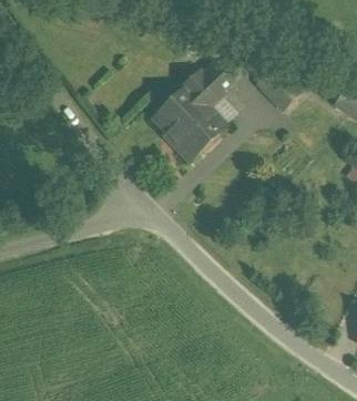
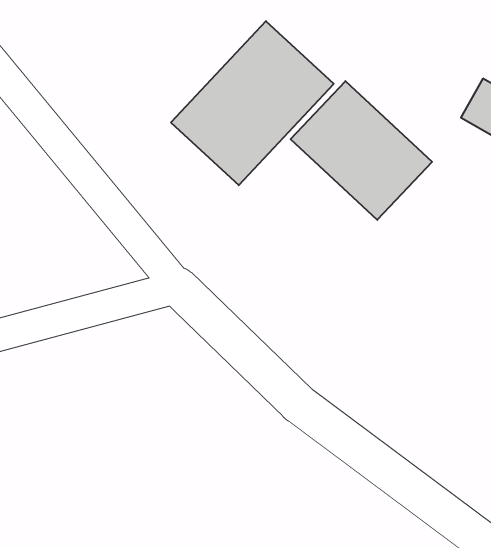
building: none -> [291,81,432,220]

